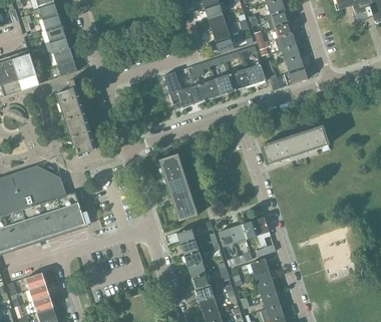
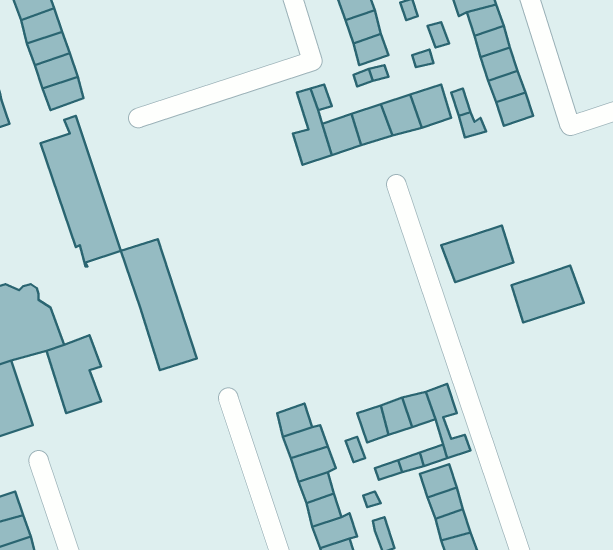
building: [163,70,189,108] -> none
building: [292,124,329,153] -> [511,266,584,322]
building: [158,152,198,220] -> [121,239,197,370]
building: [40,199,68,237] -> none

